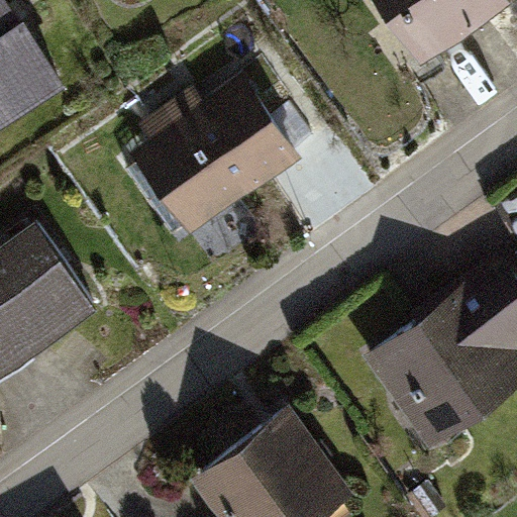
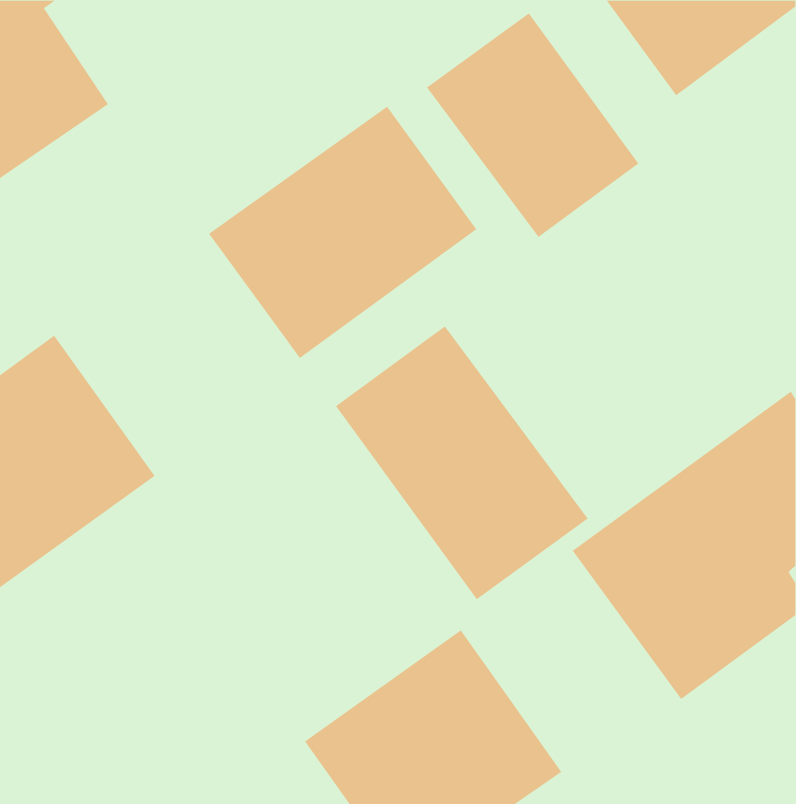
building: none -> [426,13,639,238]
building: none -> [335,325,588,600]

